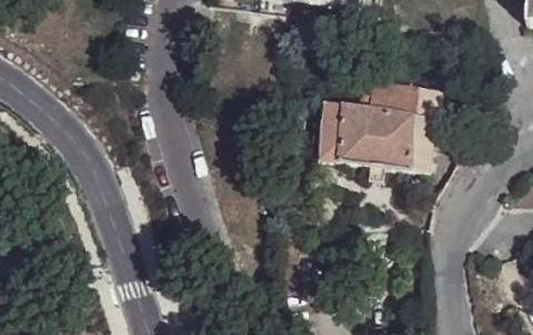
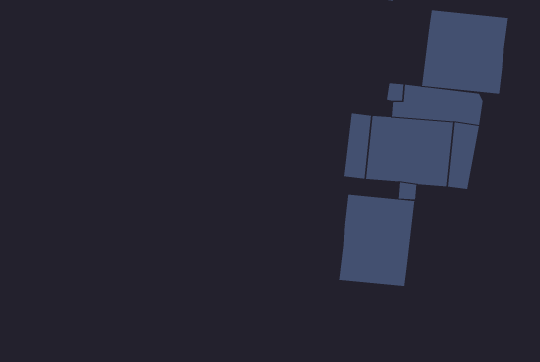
building: none -> [422,10,508,94]
building: none -> [339,194,415,287]

